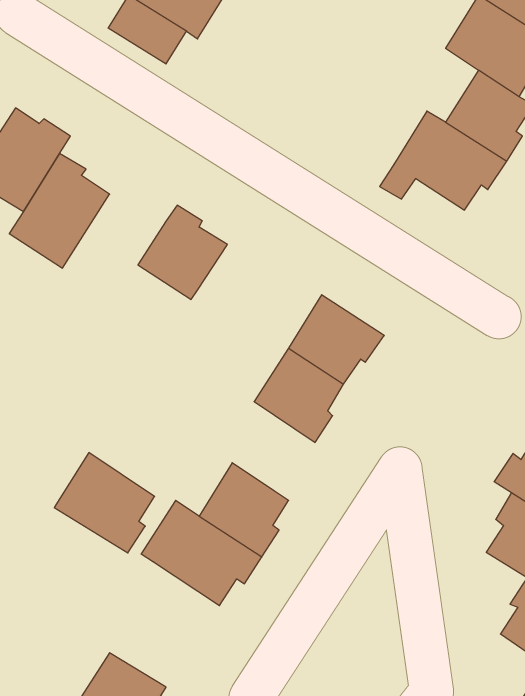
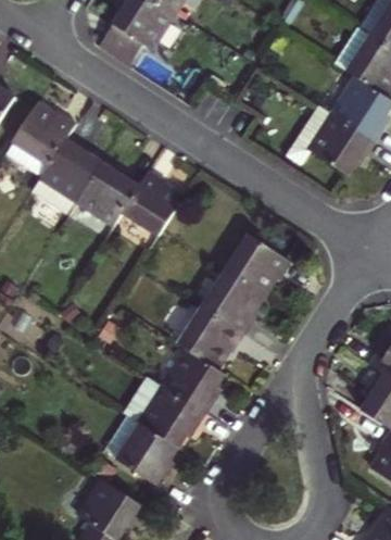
building: none -> [76,163,140,226]
building: none -> [177,306,243,368]
building: [54,453,155,553] -> [108,417,177,487]

